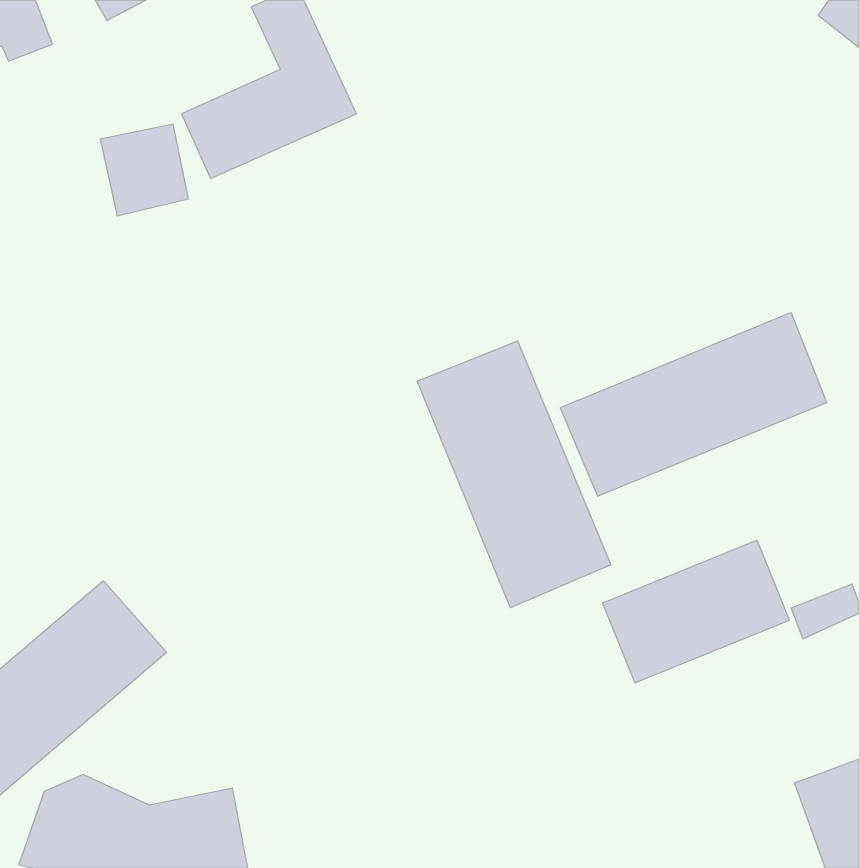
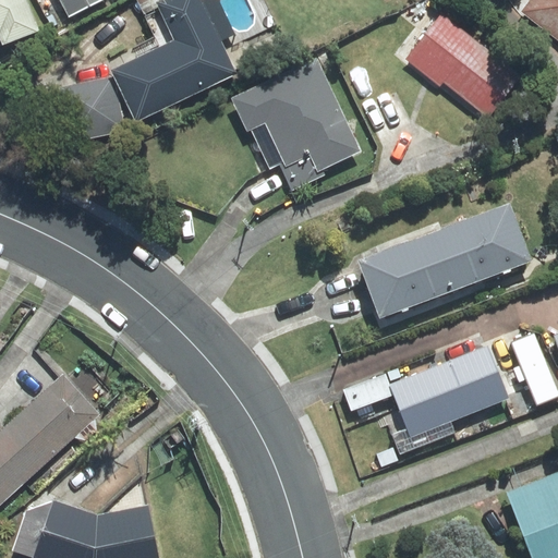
building: none -> [414,19,518,113]
building: none -> [235,63,356,180]
building: [417,341,611,608] -> none

